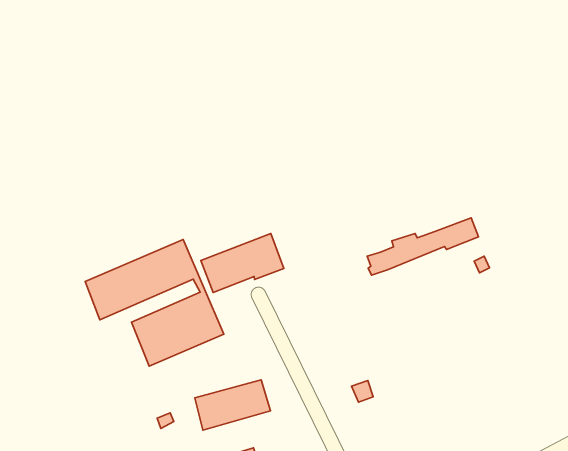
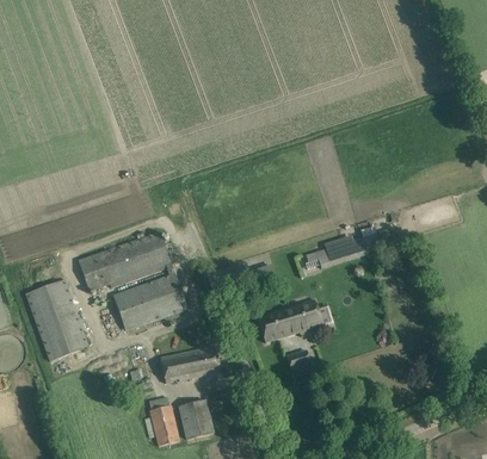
building: [201,233,284,293] -> [257,299,322,343]
building: none -> [24,279,88,362]

